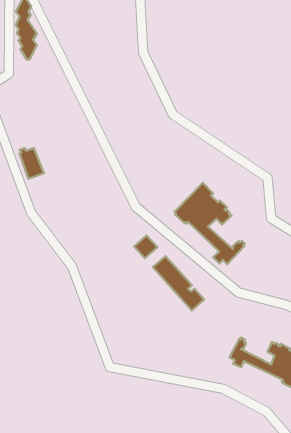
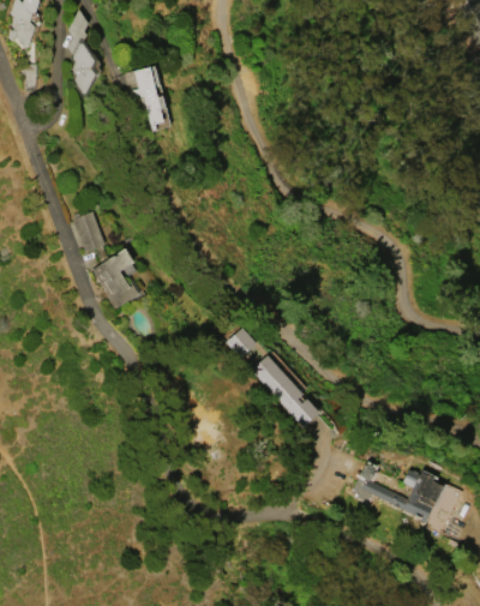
building: none -> [133,66,166,131]
building: none -> [92,247,142,310]
building: [175,183,245,264] -> none

